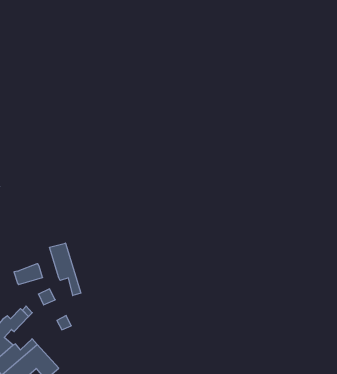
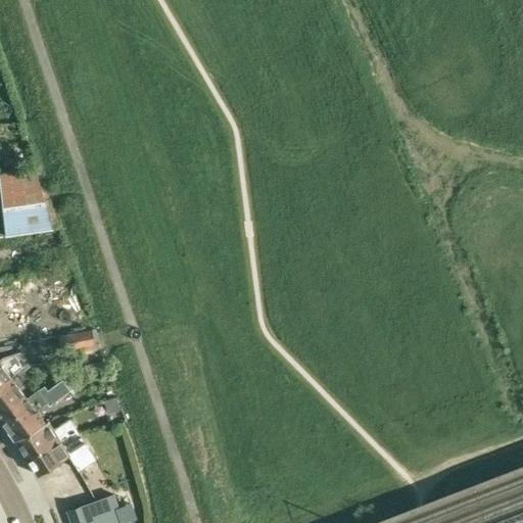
building: [50,243,81,296] -> none

